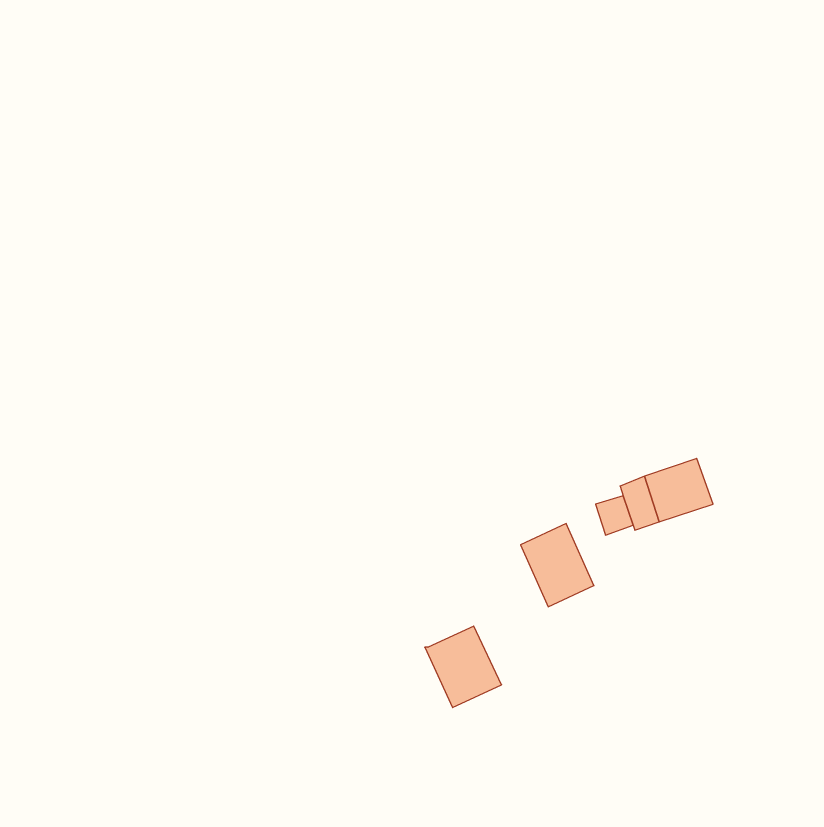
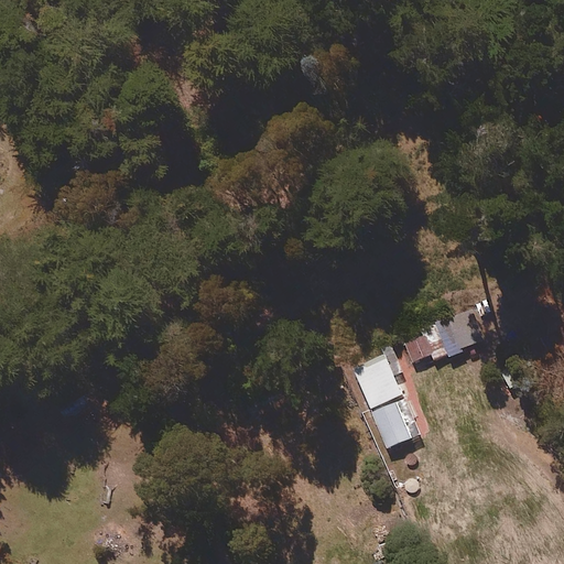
building: [425,626,502,708] -> [368,395,420,451]

